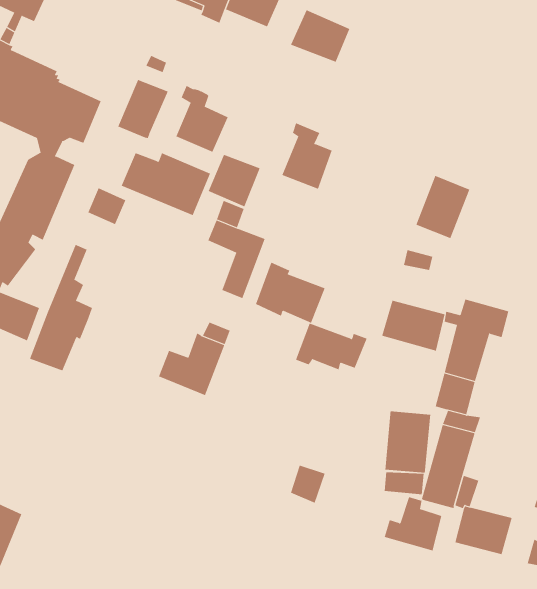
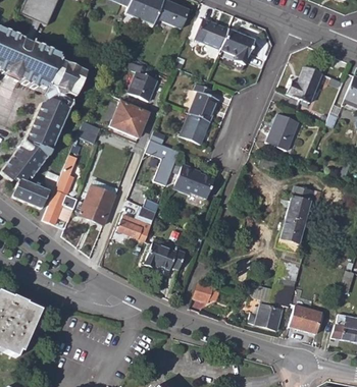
building: none -> [221,29,255,63]
building: [118,79,168,139] -> none
building: none -> [288,65,322,102]
building: [208,154,261,207] -> [181,113,211,144]
building: none -> [76,178,119,225]
building: [382,300,445,351] -> none
building: [295,323,367,370] -> [145,242,187,270]
building: [385,411,431,474] -> none

